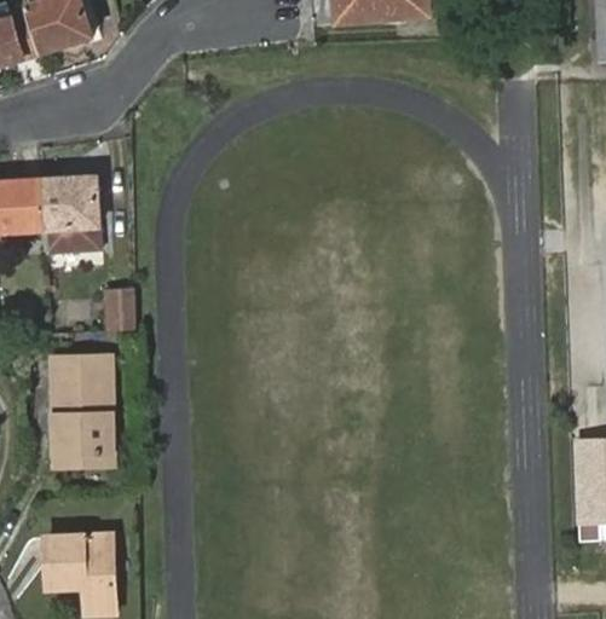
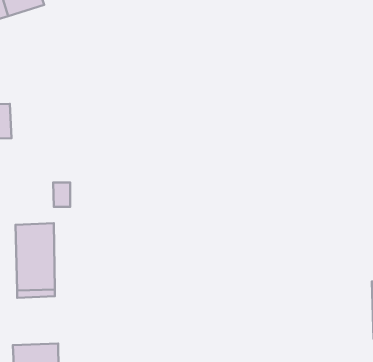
building: [41,177,98,249] -> none

